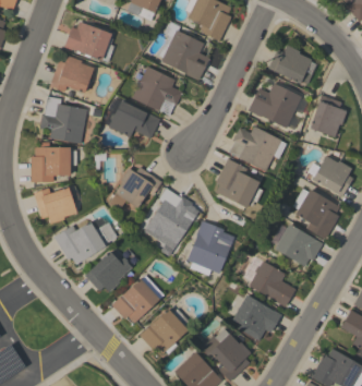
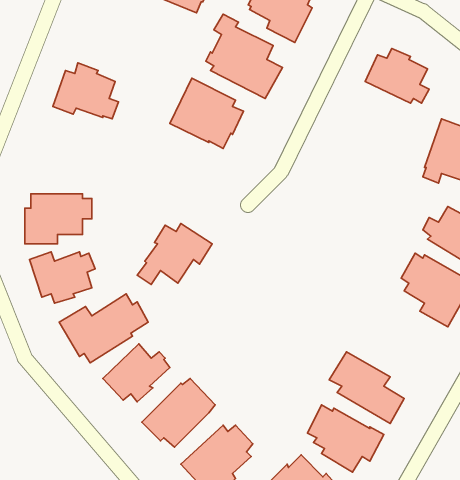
building: [64,21,113,61] -> none
building: [248,82,306,130] -> none
building: [40,96,87,143] -> none
building: [105,98,160,137] -> none
building: [229,125,287,171] -> none
building: [216,158,263,208] -> none
building: [148,186,195,249] -> none
building: [188,220,234,276] -> none
building: [272,224,323,266] -> none

